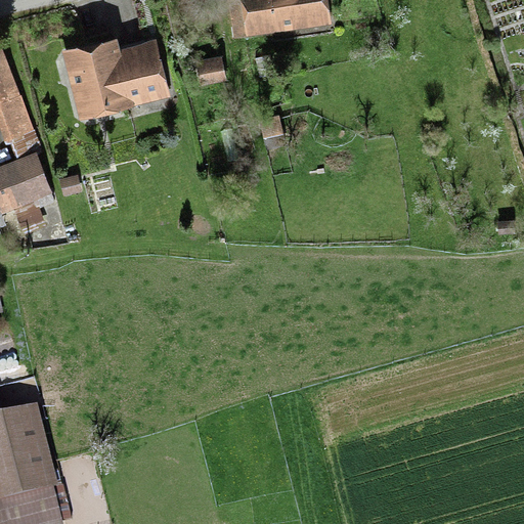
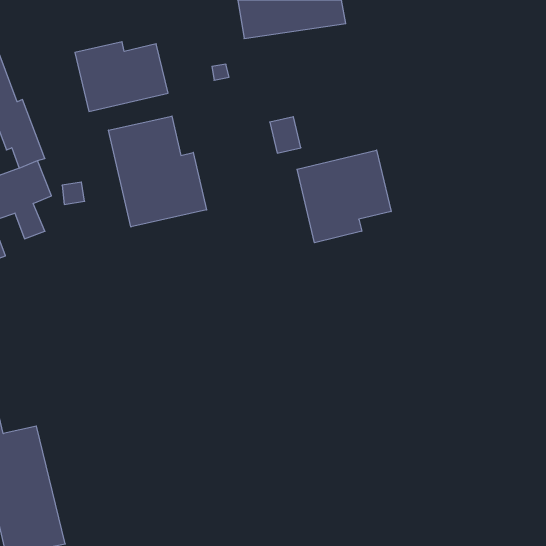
building: none -> [109,116,207,227]
building: none -> [297,150,391,243]

